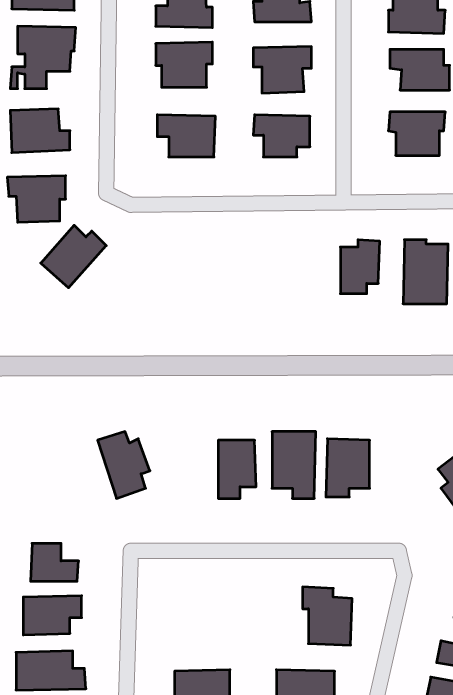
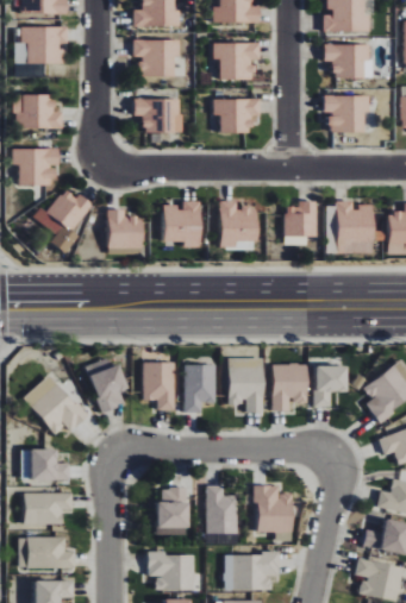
building: none -> [163,201,201,249]
building: none -> [219,201,257,247]
building: none -> [108,209,142,249]
building: none -> [143,363,175,410]
building: none -> [316,366,348,407]
building: none -> [25,375,88,432]
building: none -> [206,485,237,534]
building: none -> [157,489,188,535]

